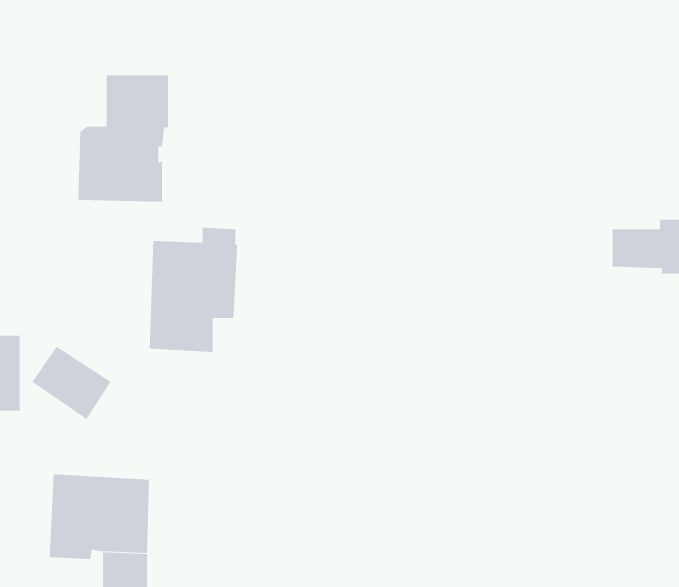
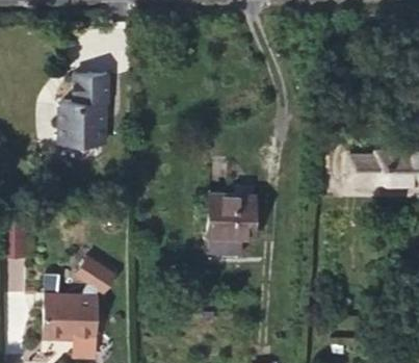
building: [149,227,238,353] -> [207,187,256,256]
building: [32,346,111,420] -> [72,251,115,291]

